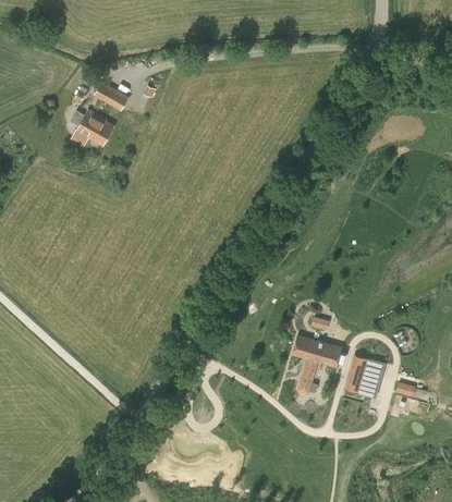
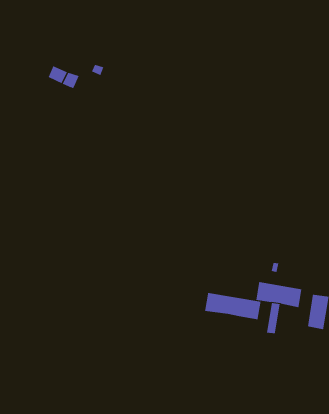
building: [76,110,115,146] -> none
building: none -> [204,292,261,320]

